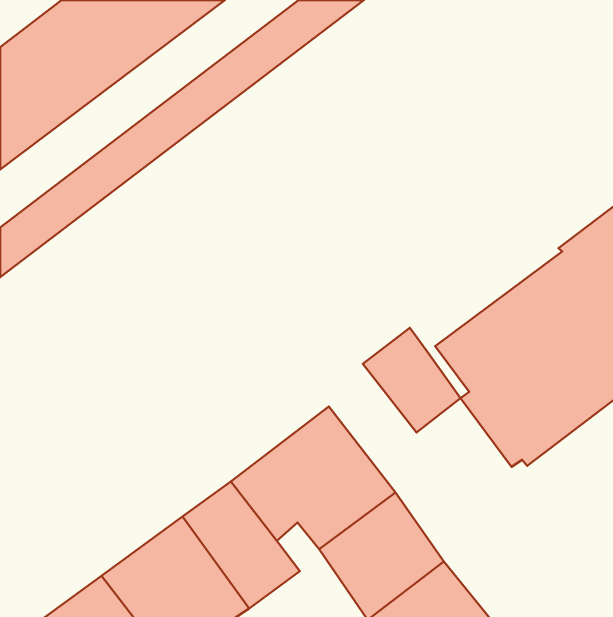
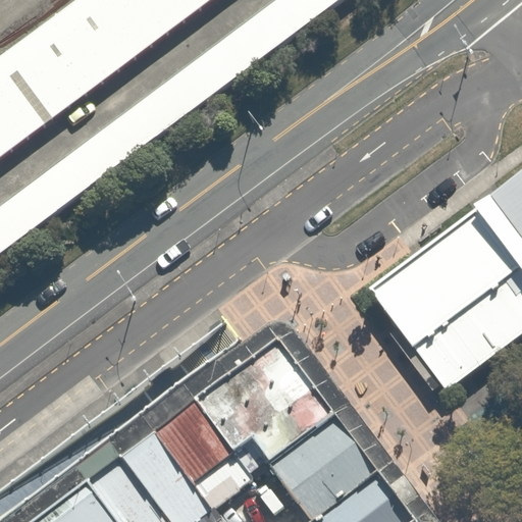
building: [363,328,461,432] -> none

